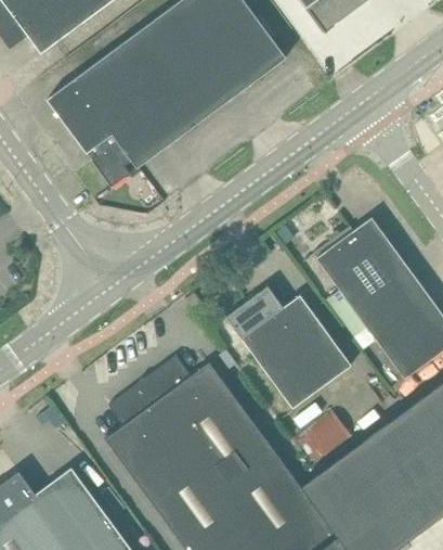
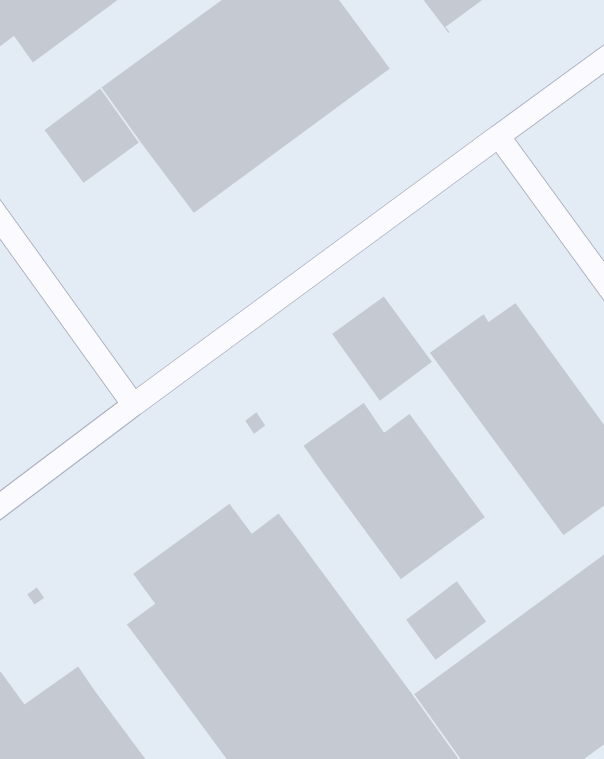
building: [75,108,151,186] -> none
building: none -> [331,296,433,402]

